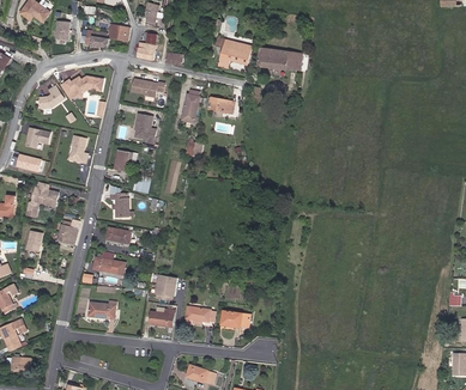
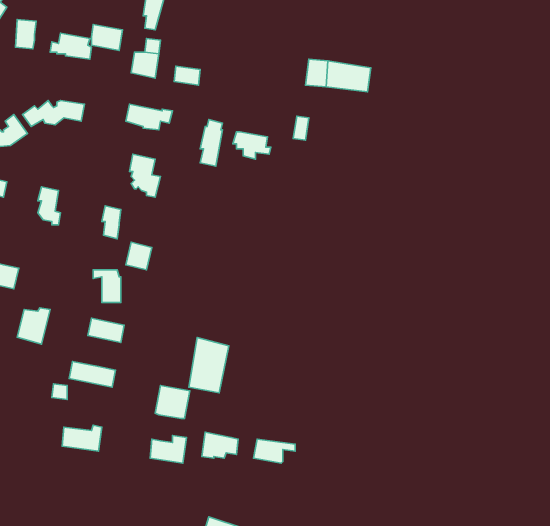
building: [214,37,252,68] -> none
building: none -> [189,338,229,393]

